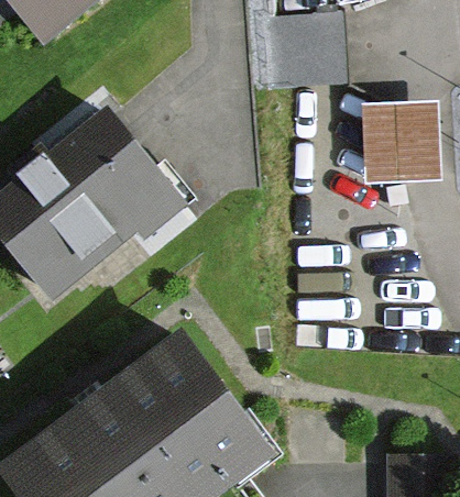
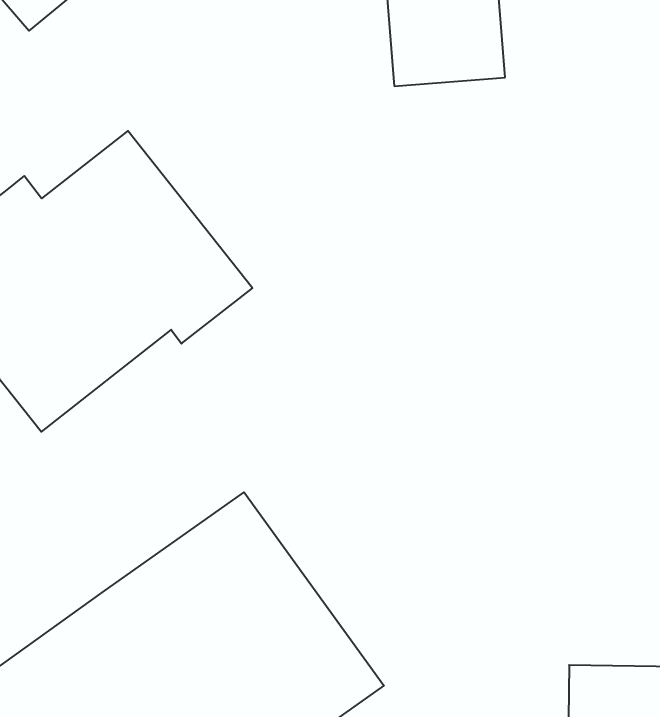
building: [359,98,439,179] -> none

